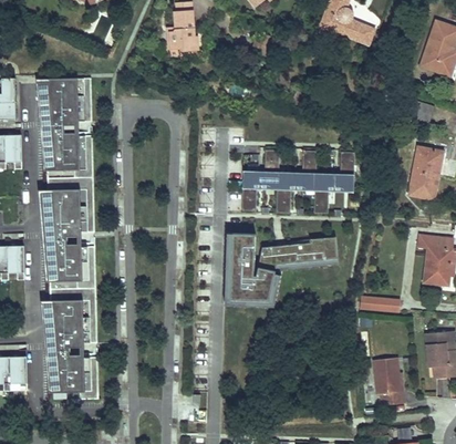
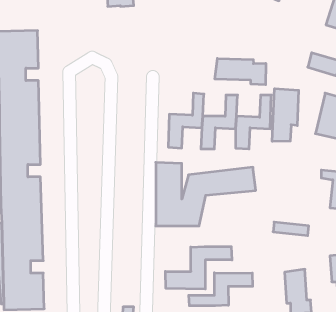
building: none -> [215,58,266,85]
building: none -> [272,89,299,141]
building: none -> [165,247,232,289]
building: none -> [189,273,253,306]

